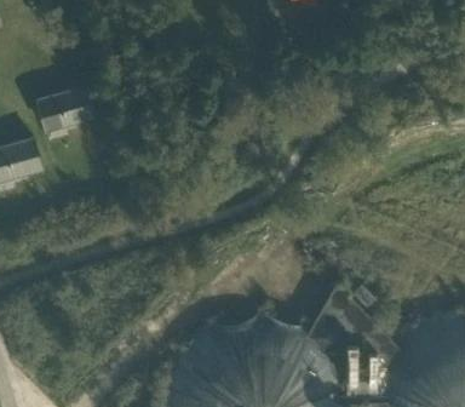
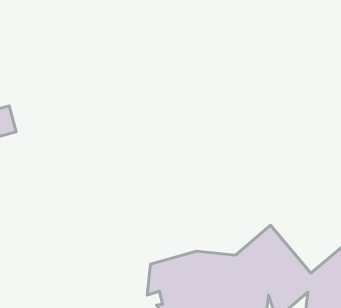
building: [34,87,92,132] -> none

